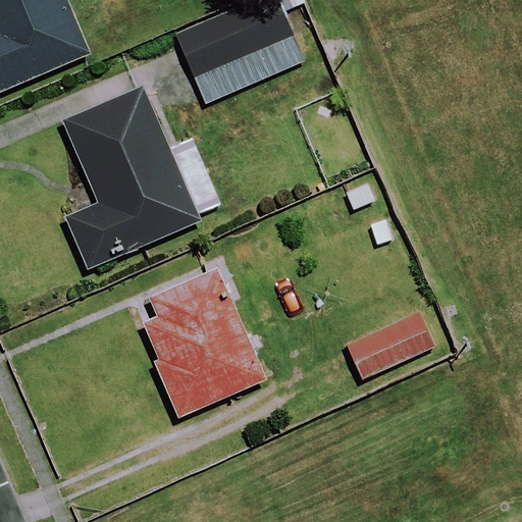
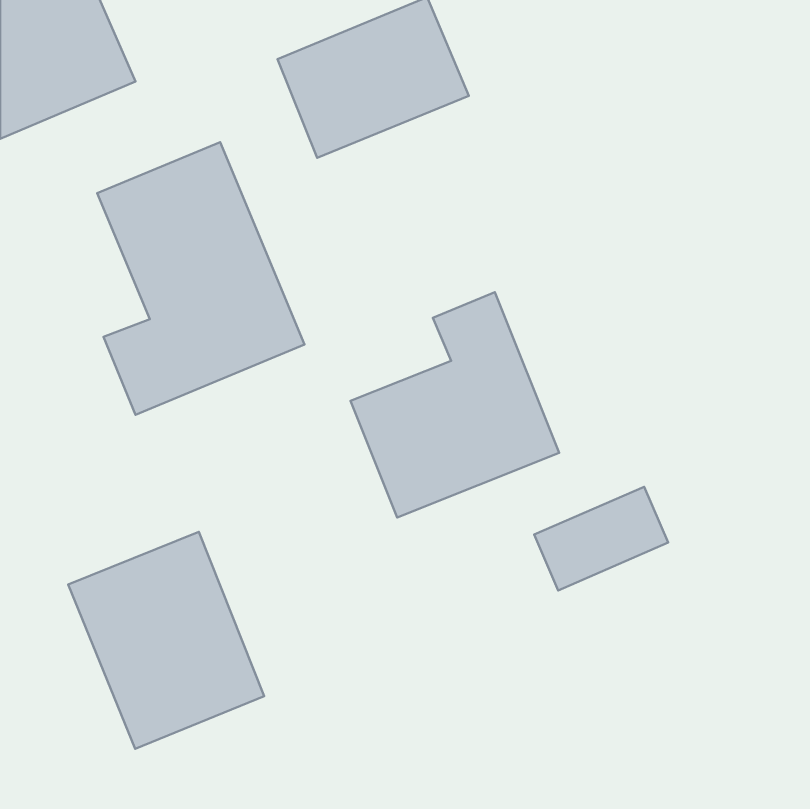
building: none -> [350,292,559,518]
building: [137,276,262,415] -> [68,532,264,749]

